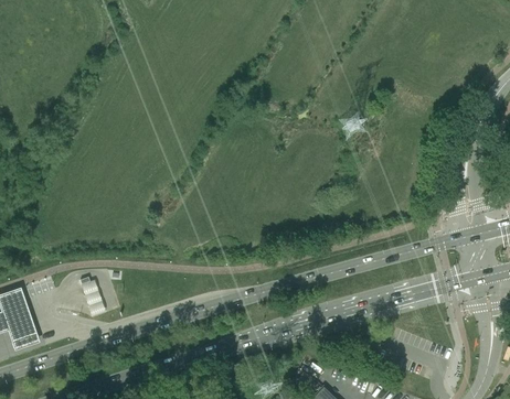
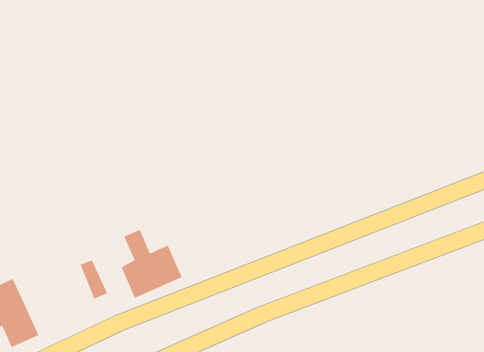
building: none -> [120,229,183,299]

